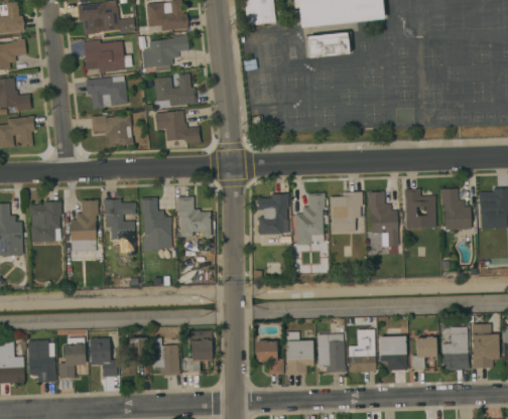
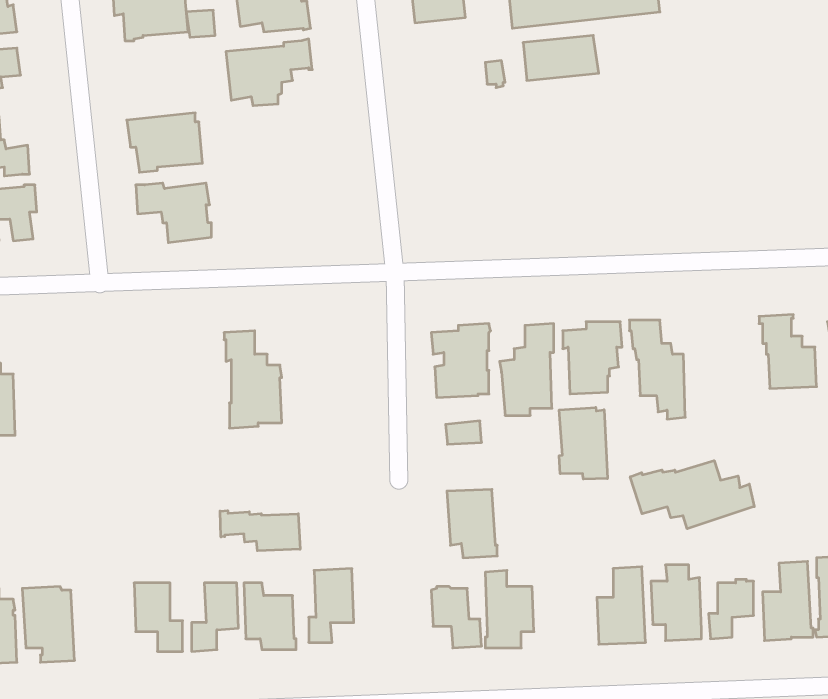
building: [84,40,125,73] -> none
building: [154,74,197,106] -> none
building: [155,111,201,143] -> none
building: [404,188,436,229] -> none
building: [177,196,211,238] -> none
building: [70,199,99,253] -> none
building: [103,199,136,247] -> none
building: [28,201,61,242] -> none
building: none -> [559,407,607,479]
building: none -> [630,461,754,529]
building: none -> [220,511,300,551]
building: [318,334,346,373] -> [447,489,497,558]
building: [58,343,86,379] -> none

